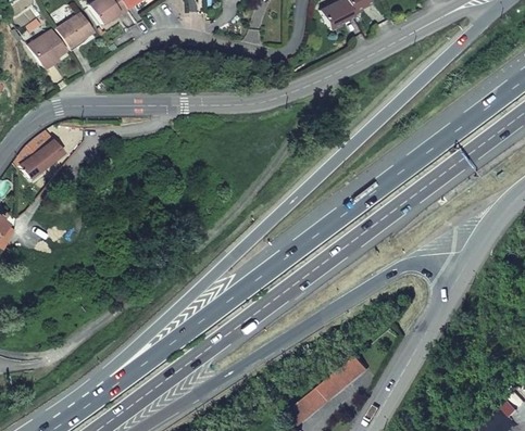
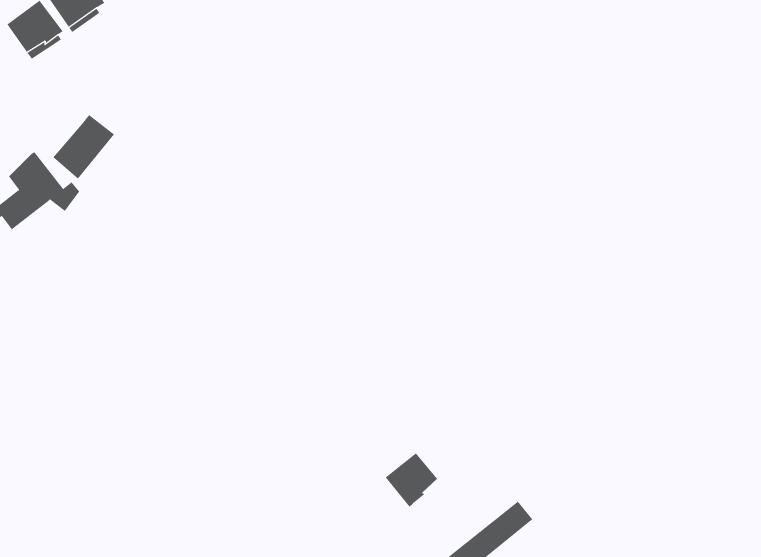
building: none -> [53,114,115,179]
building: none -> [385,453,438,508]

